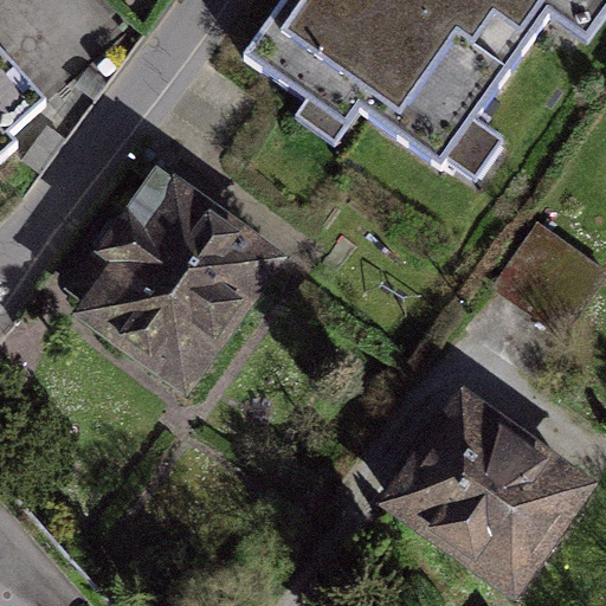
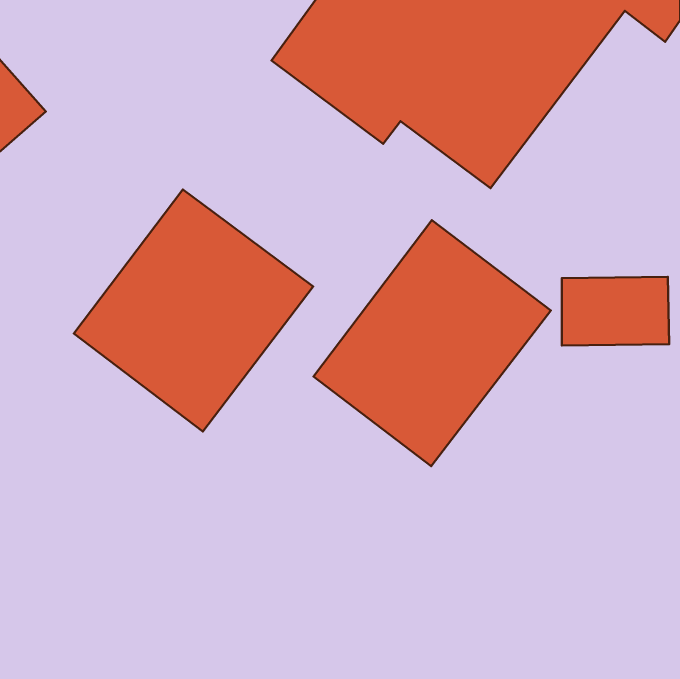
building: none -> [314,220,551,466]
building: [388,392,589,585] -> none

